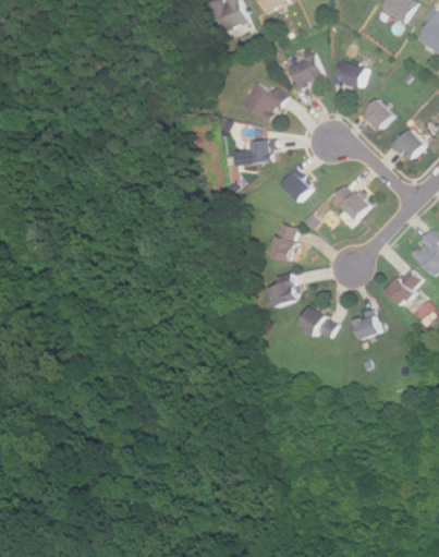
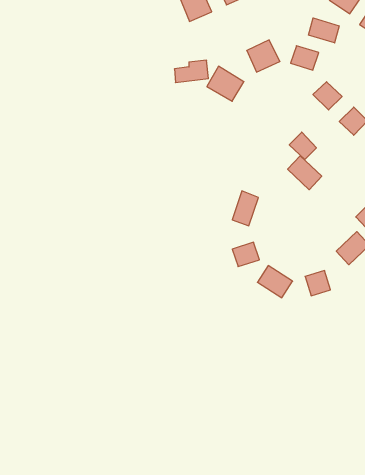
building: none -> [309,18,339,43]
building: [234,140,272,165] -> [174,60,208,83]
building: [281,170,312,201] -> [289,132,316,159]

